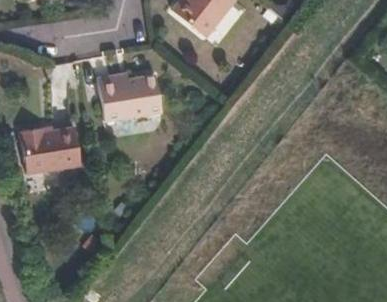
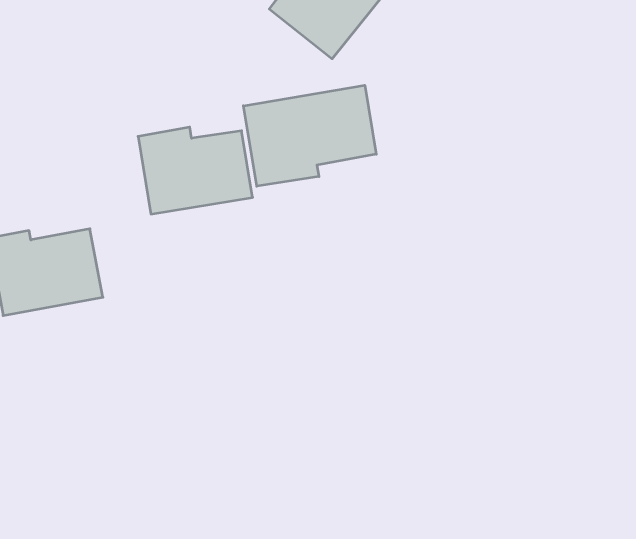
building: none -> [243,85,376,186]

